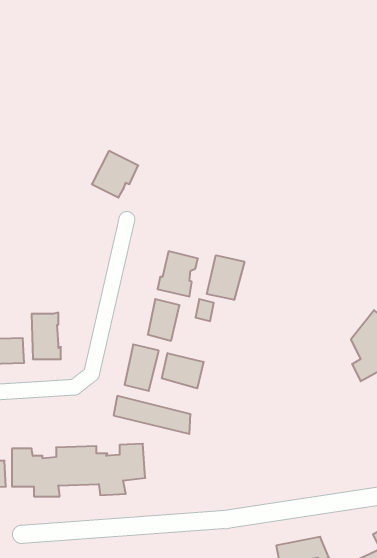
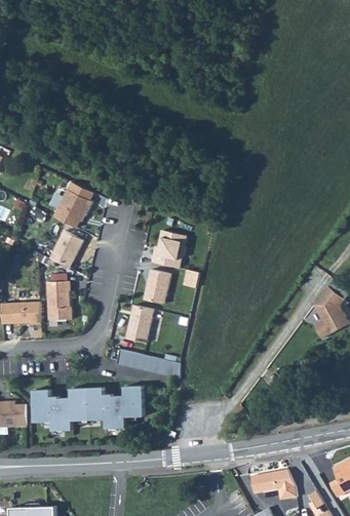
building: [92,151,138,198] -> [52,188,91,227]
building: none -> [49,229,83,267]
building: [207,255,244,300] -> none
building: [162,353,204,388] -> none

